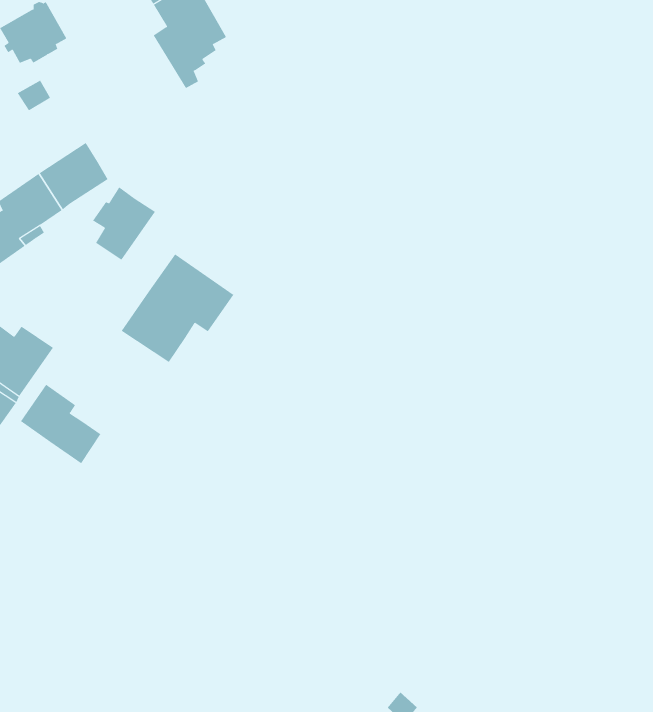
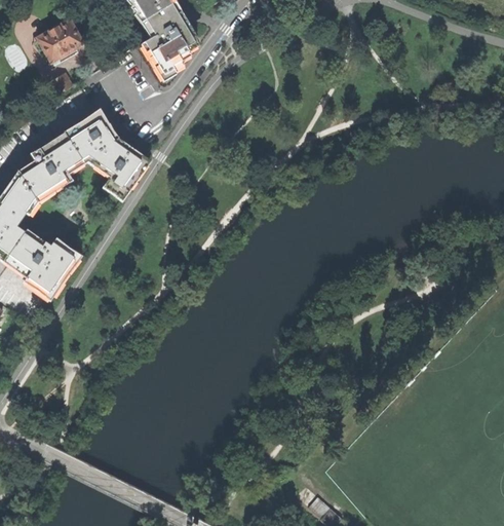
building: none -> [87,138,121,166]
building: [121,254,234,363] -> none
building: [20,384,101,464] -> none

